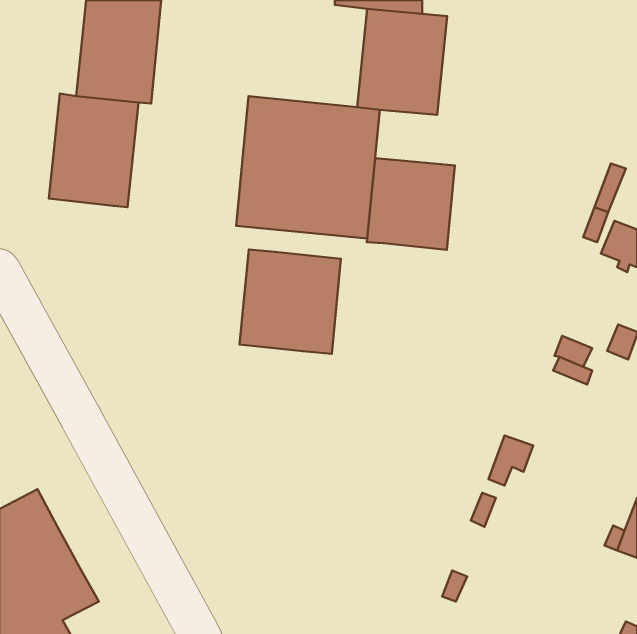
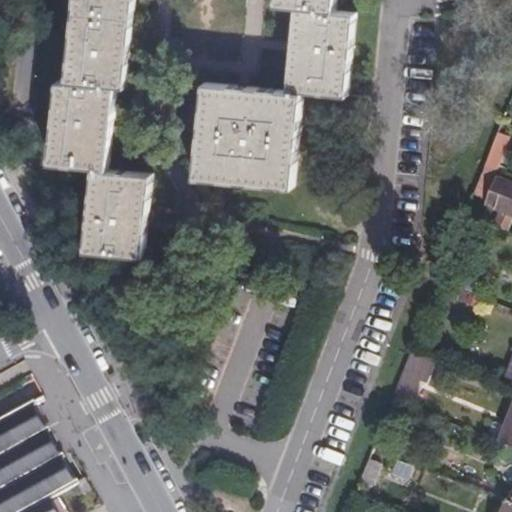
building: [367,158,455,250] -> none
building: none -> [82,168,148,257]
building: [240,249,341,354] -> none

